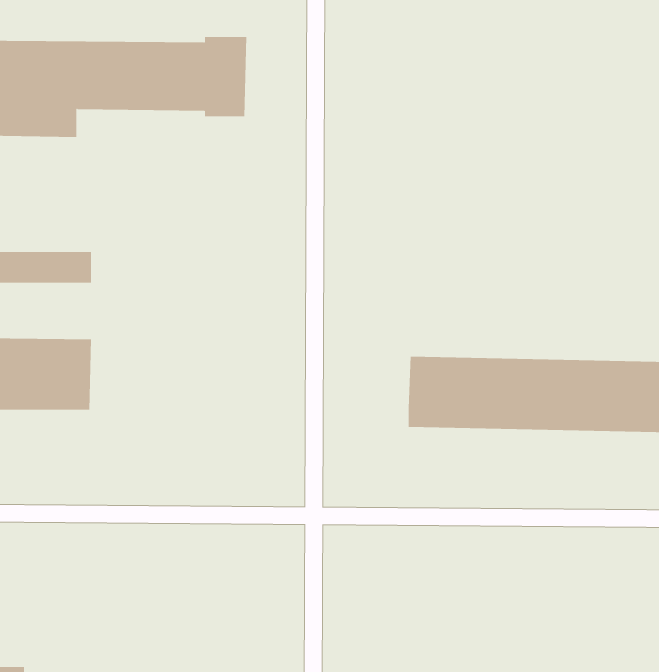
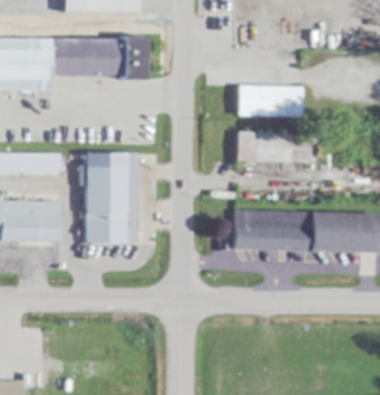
building: none -> [238,84,301,117]
building: none -> [237,130,309,163]
building: none -> [79,151,137,243]

